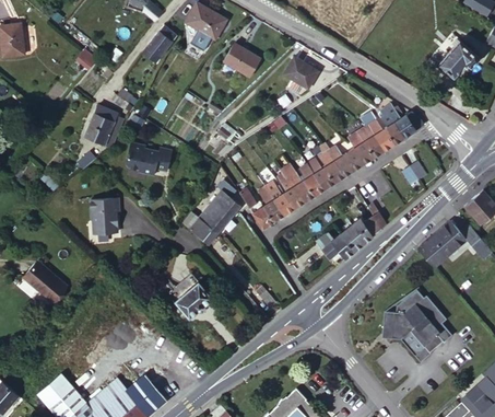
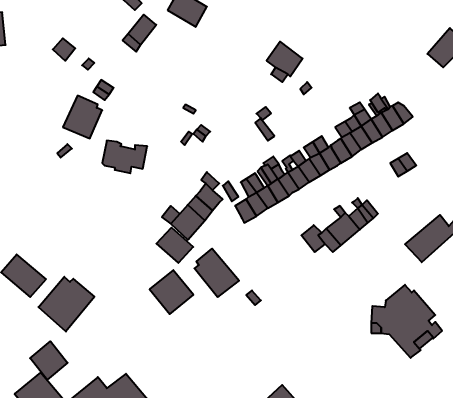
building: [224,44,258,76] -> none
building: [89,197,118,233] -> none
building: none -> [156,228,193,263]
building: none -> [194,249,239,297]
building: none -> [38,277,94,332]
building: none -> [30,341,68,380]

